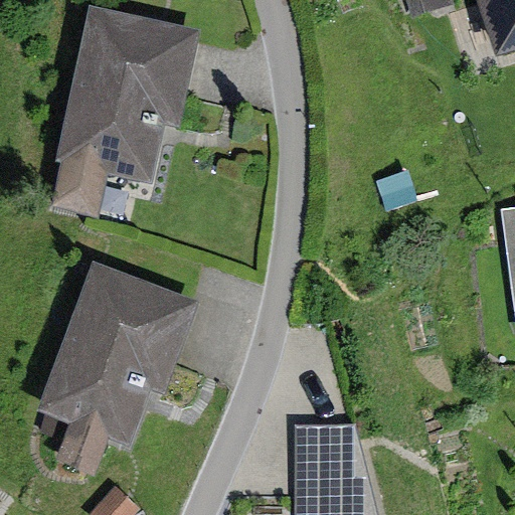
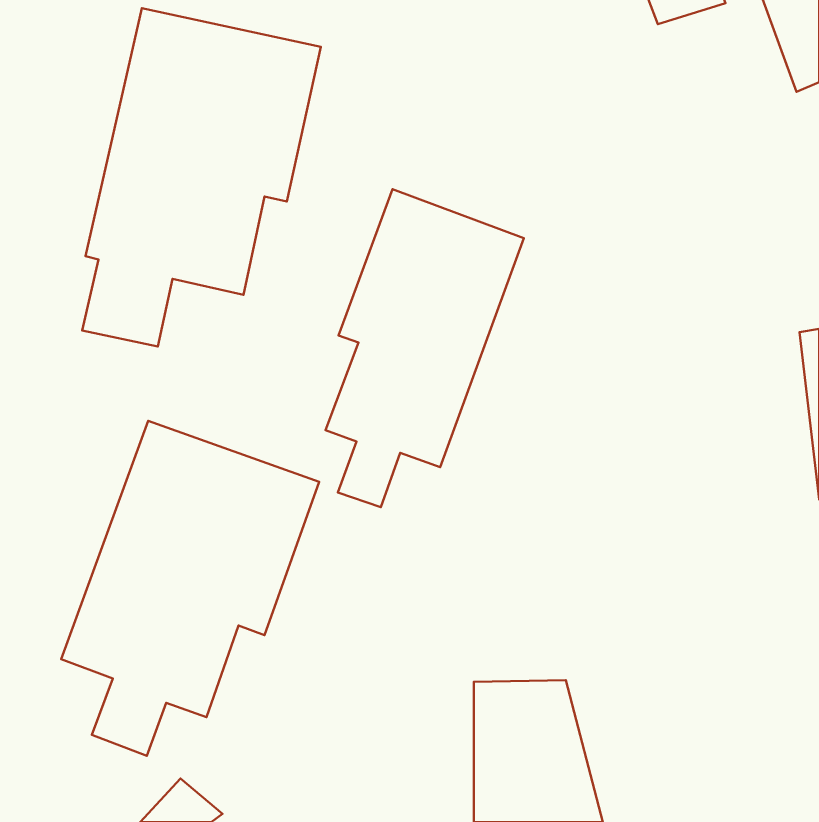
building: none -> [326,189,524,507]

